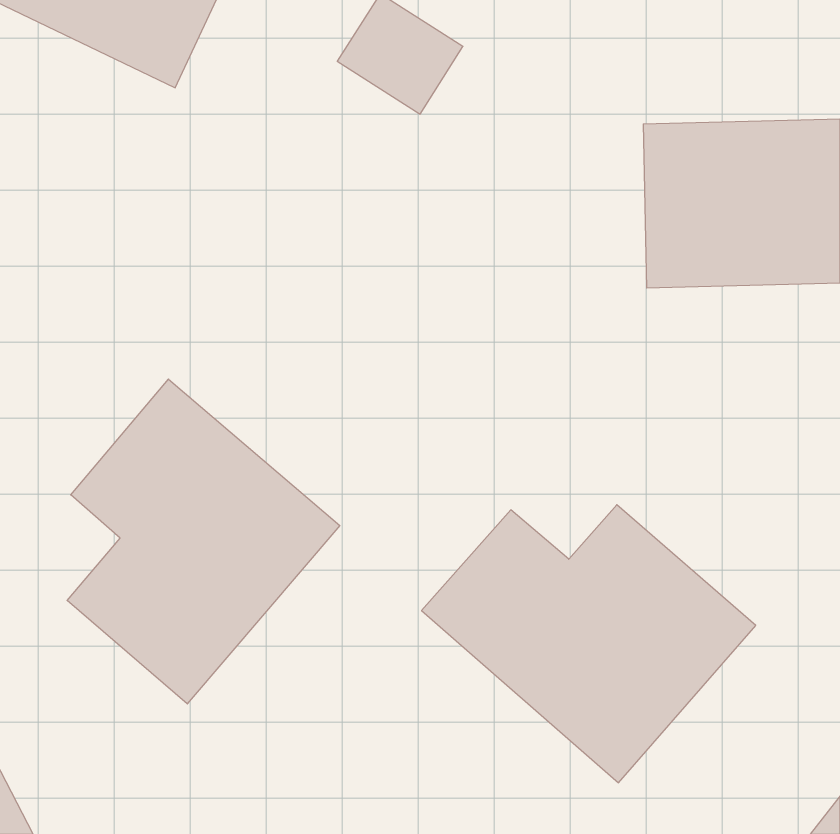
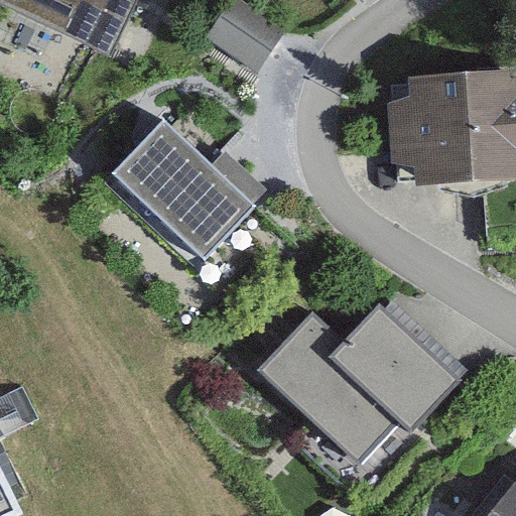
building: none -> [115,118,262,258]
building: [67,379,340,704] -> none

